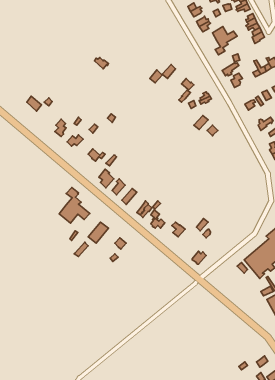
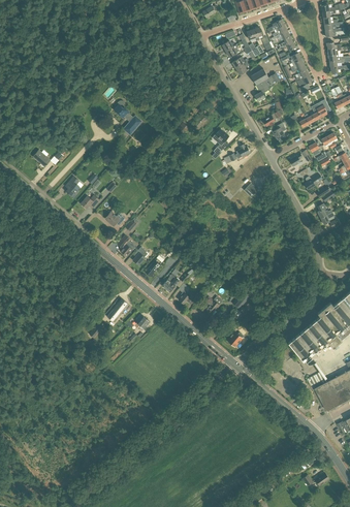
building: [59,188,90,223] -> none

